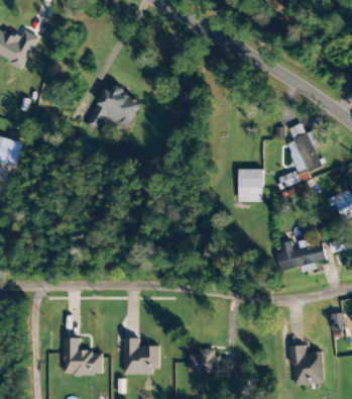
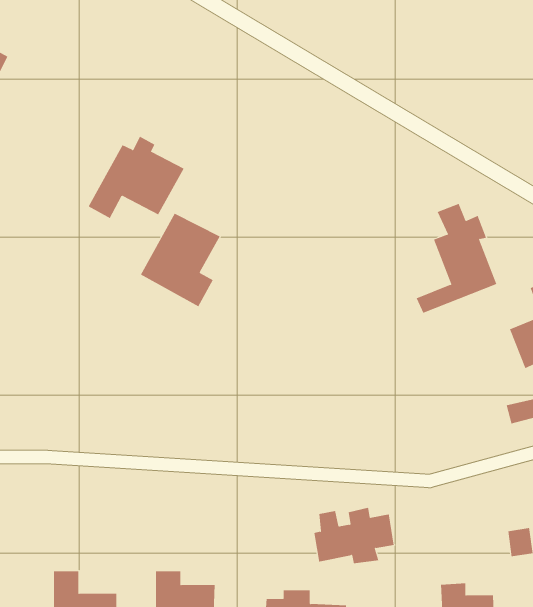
building: none -> [140,213,220,307]
building: [238,168,262,200] -> none
building: [278,237,326,271] -> [313,507,395,564]

